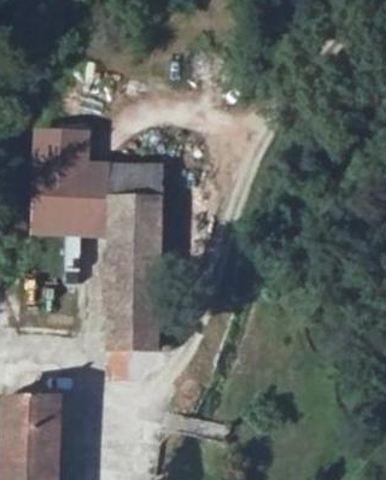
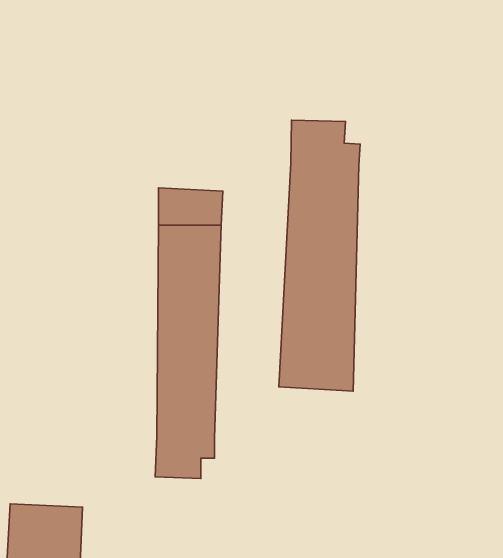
building: none -> [279,120,360,391]
building: [29,129,106,235] -> none

